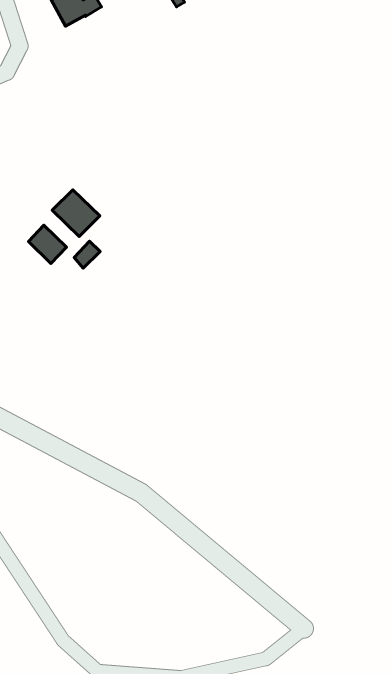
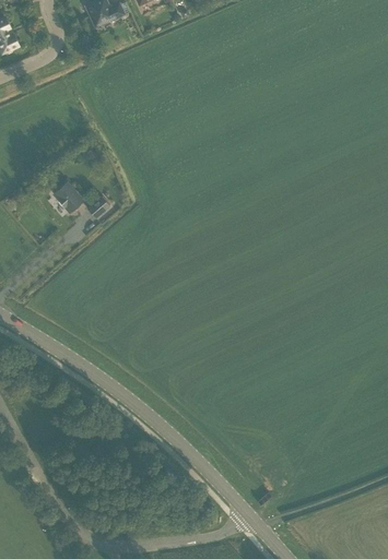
building: [52,190,100,236] -> none

